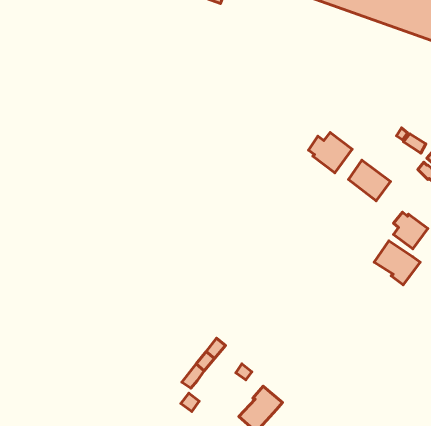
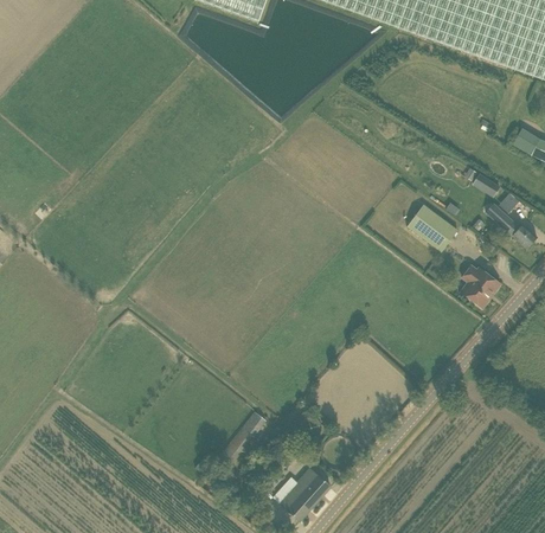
building: [308,132,352,173] -> none
building: [374,241,420,285] -> none

